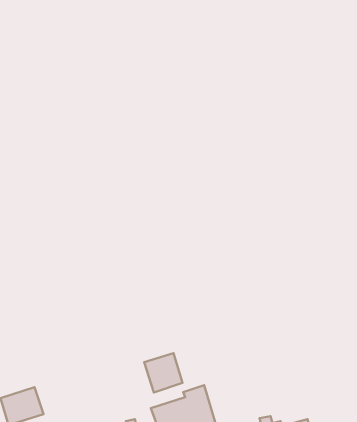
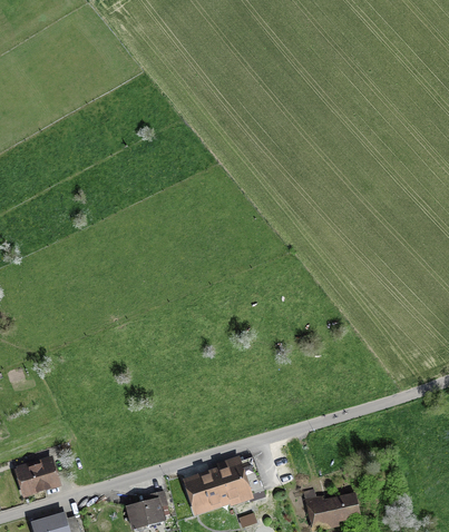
building: [144,353,183,392] -> none

